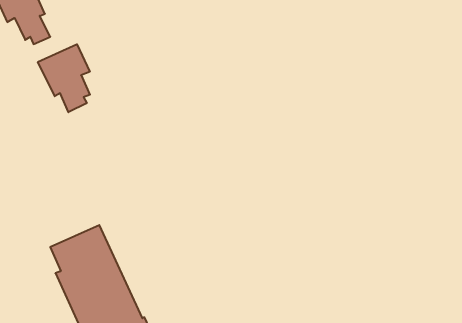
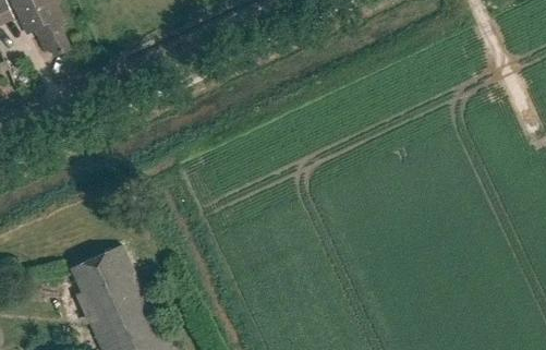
building: [38,44,90,112] -> none

